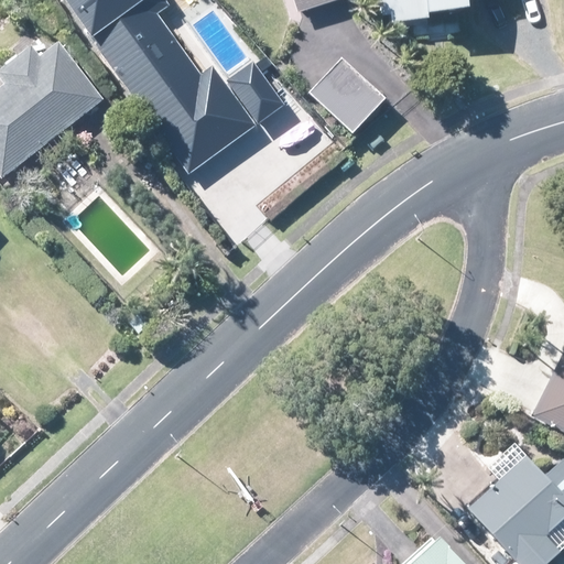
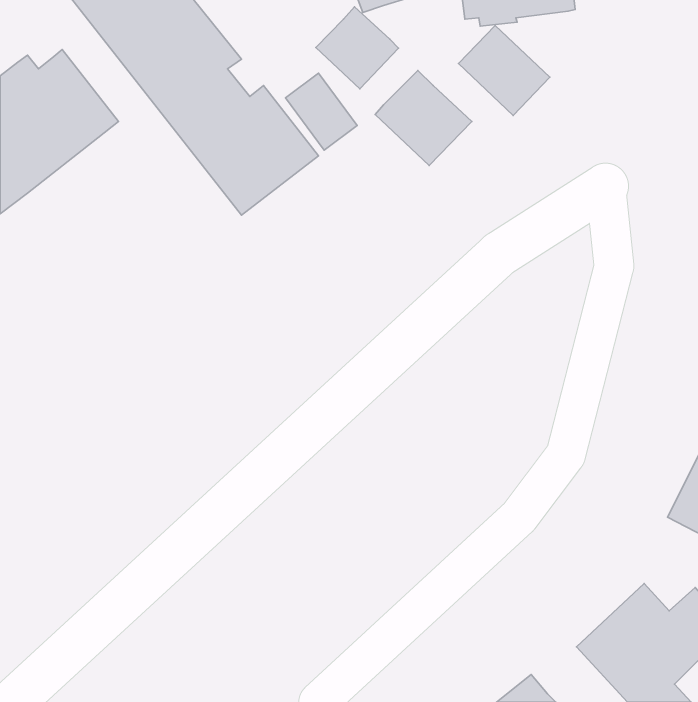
building: none -> [316,7,399,89]
building: none -> [459,25,550,115]

